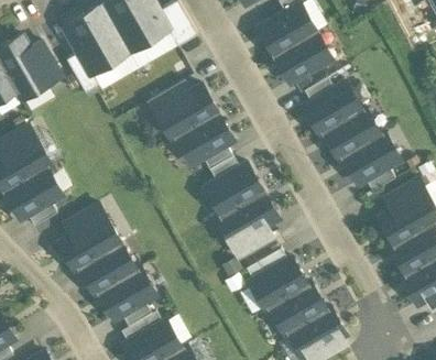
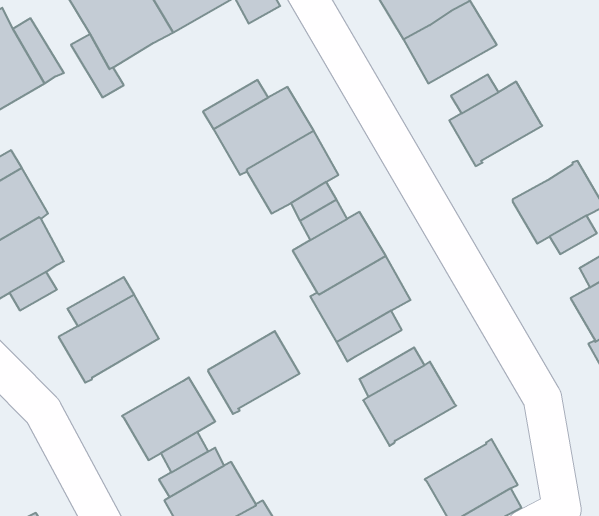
building: [323,108,380,161] -> none
building: [79,244,137,296] -> [208,331,300,414]
building: [269,283,326,336] -> none

